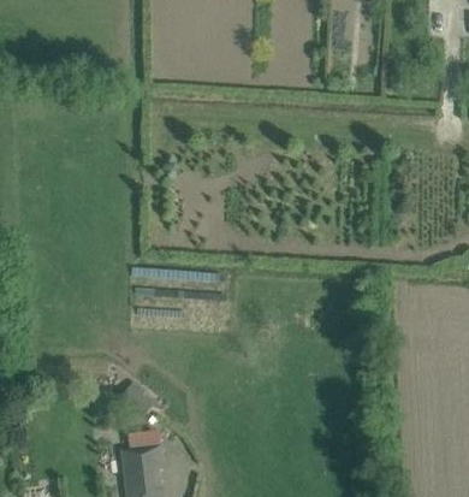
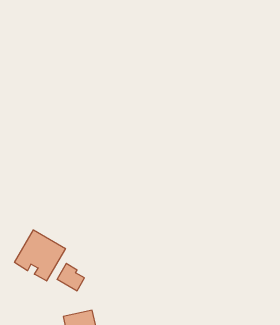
building: none -> [15,230,65,281]

